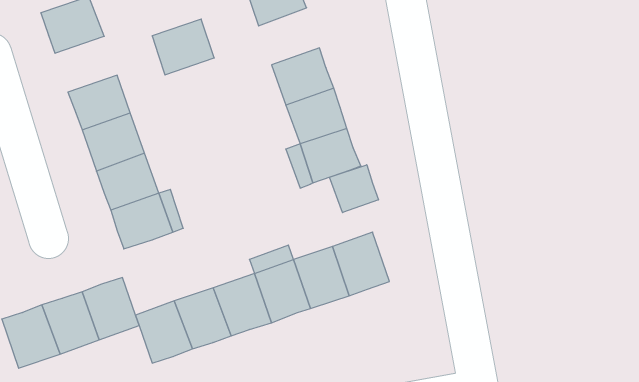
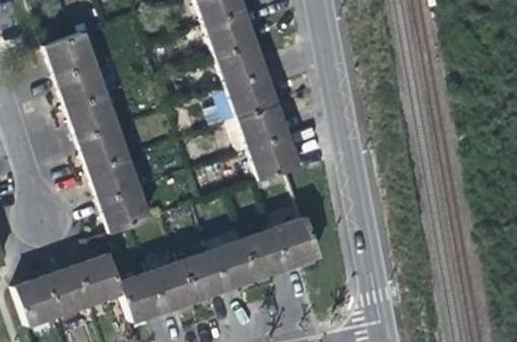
building: none -> [217,43,265,87]
building: [152,19,214,75] -> [58,65,107,109]
building: [329,165,378,213] -> none

